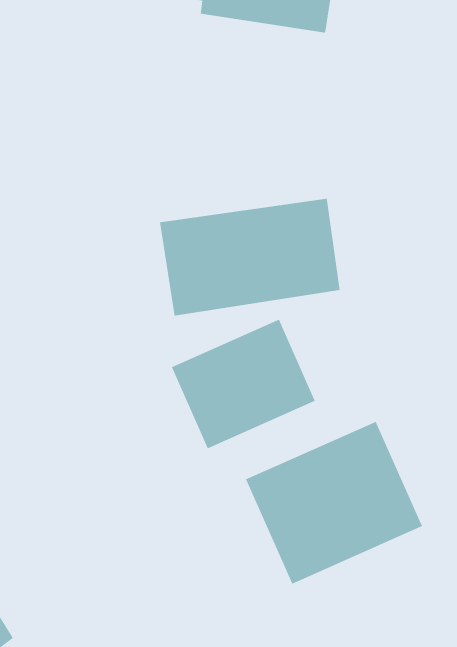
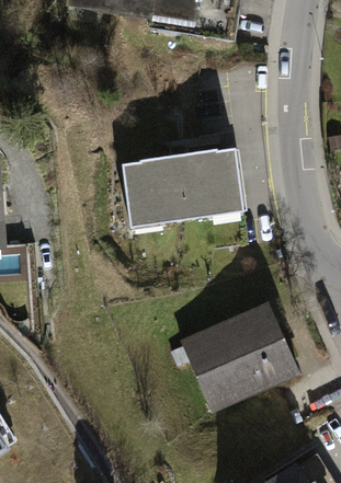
building: [171,319,316,449] -> none

